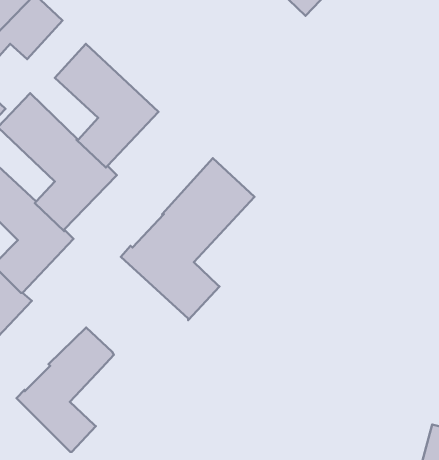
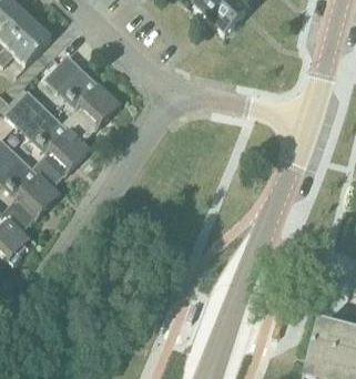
building: [121,158,255,320] -> none
building: [17,327,114,452] -> none

